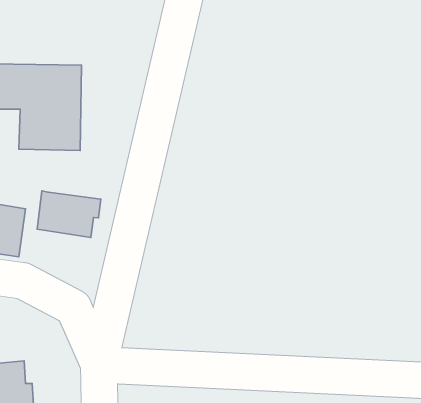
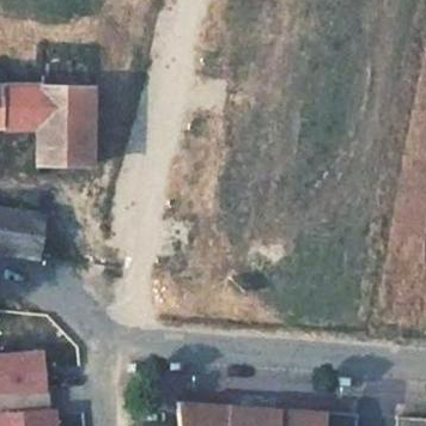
building: [37,191,101,237] -> none

